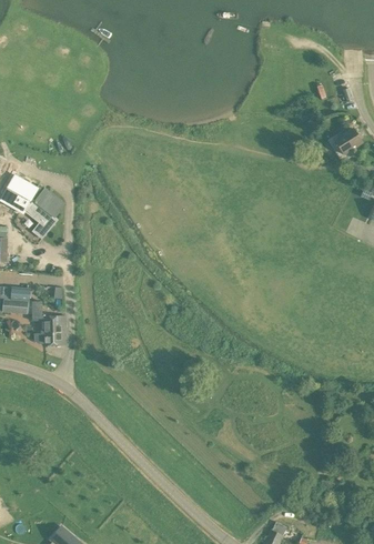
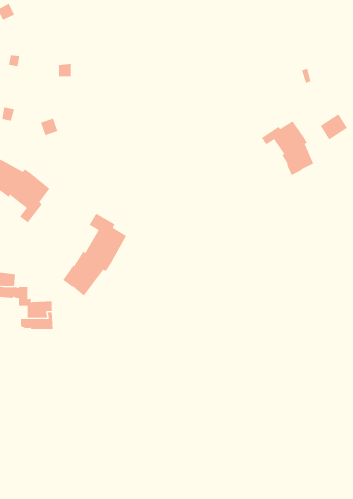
building: none -> [261,120,314,176]
building: none -> [62,213,127,296]

